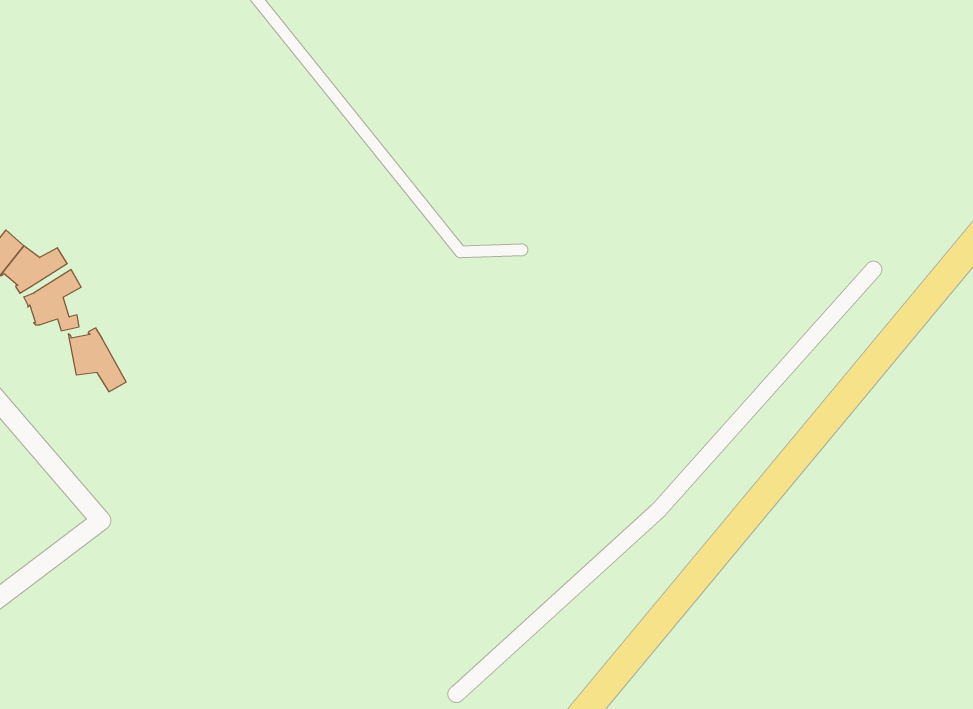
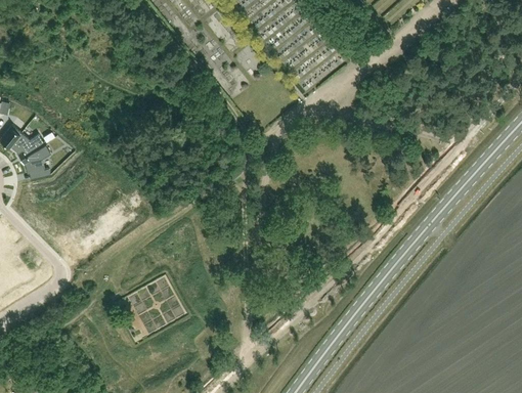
building: [68,328,126,392] -> none

